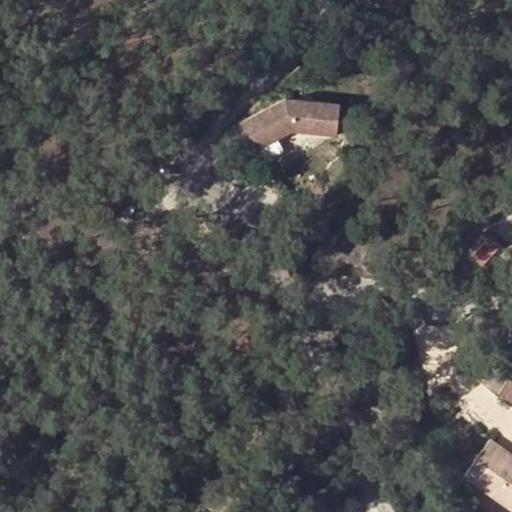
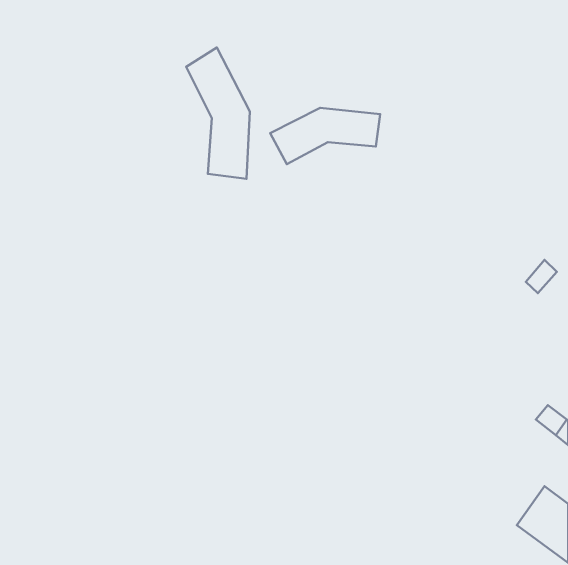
building: none -> [186,48,250,179]

